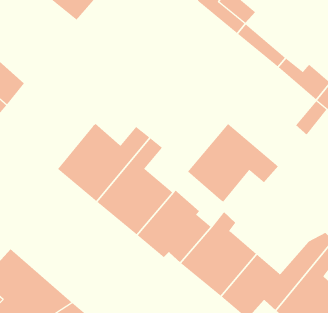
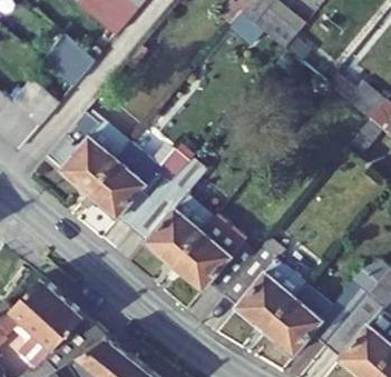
building: none -> [42,34,94,86]
building: none -> [49,112,130,194]
building: [187,123,279,202] -> none

